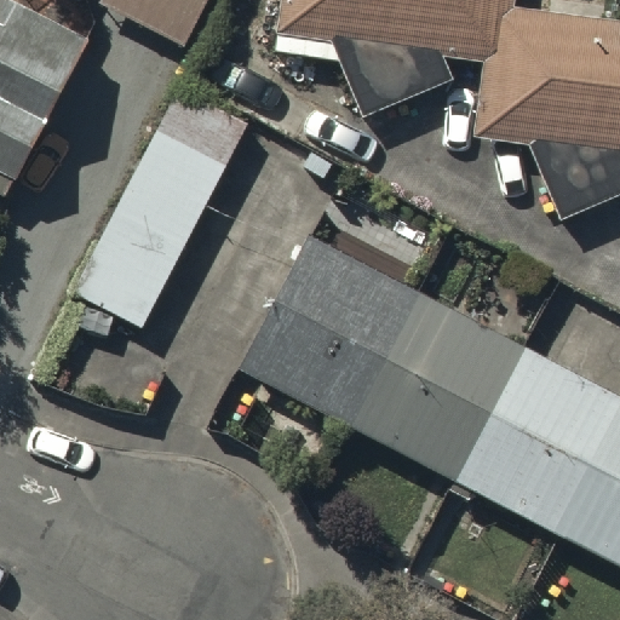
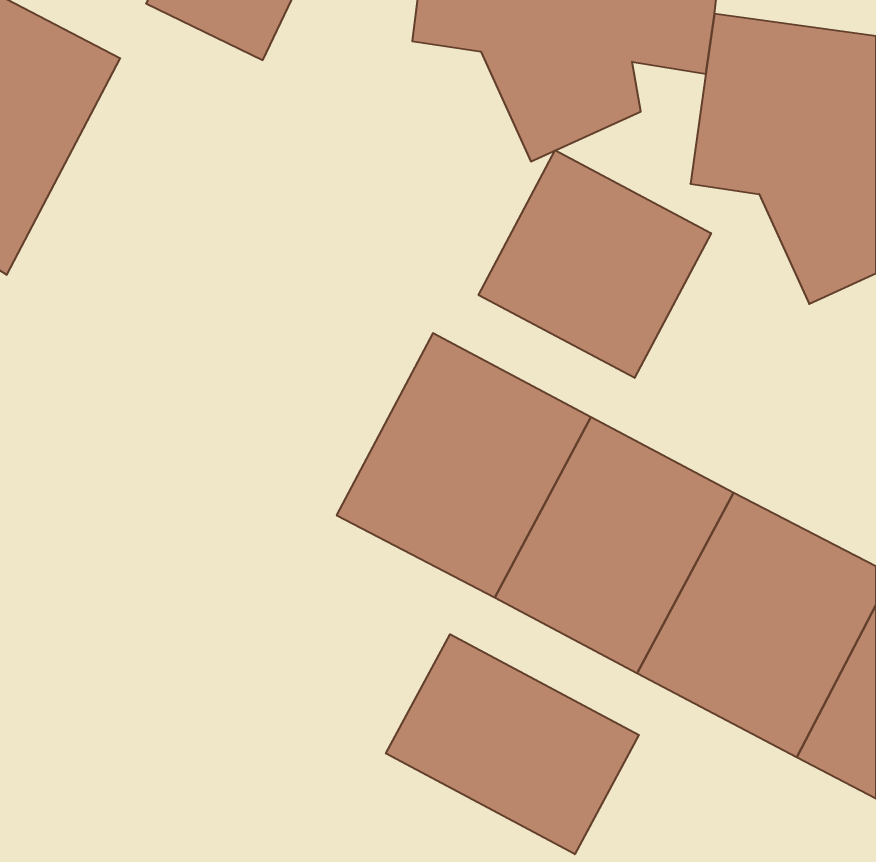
building: [84,93,249,328] -> none
building: none -> [479,150,711,378]
building: none -> [386,634,639,854]

